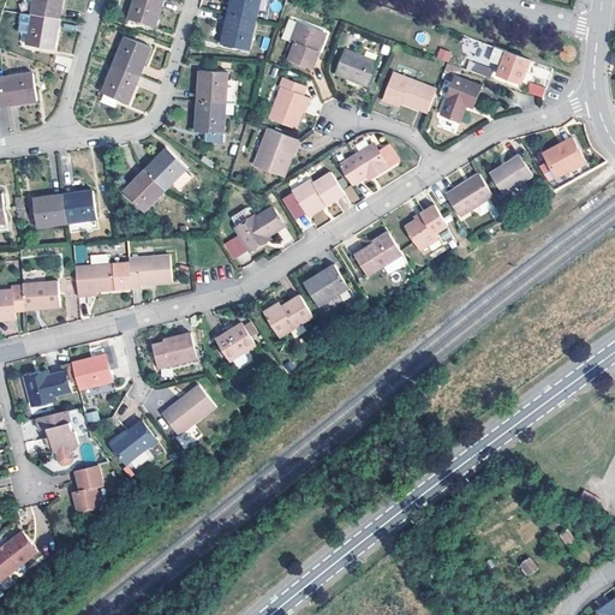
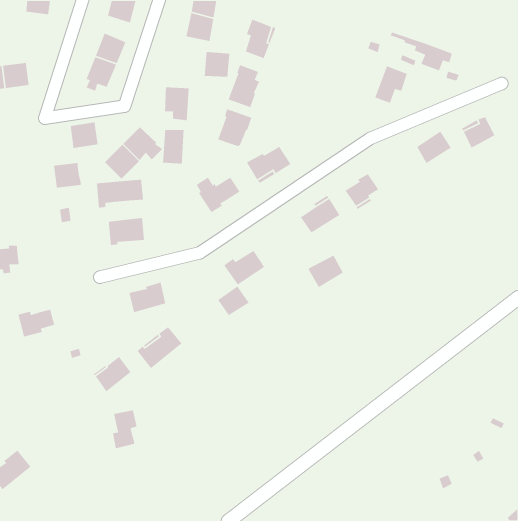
building: [25,14,58,48] -> none
building: [333,49,375,86] -> none
building: [195,72,226,103] -> [204,51,230,78]
building: [380,73,435,113] -> none
building: [338,143,387,184] -> none
building: none -> [162,129,184,165]
building: [447,172,492,215] -> none
building: [32,195,66,227] -> [70,121,98,149]
building: [73,264,130,299] -> [96,179,144,208]
building: [304,265,347,305] -> [307,254,344,288]
building: [20,283,59,312] -> none
building: [217,323,256,359] -> [217,285,250,316]
building: [70,354,109,389] -> none
building: [34,410,77,462] -> none
building: [73,464,103,510] -> [112,409,138,449]

